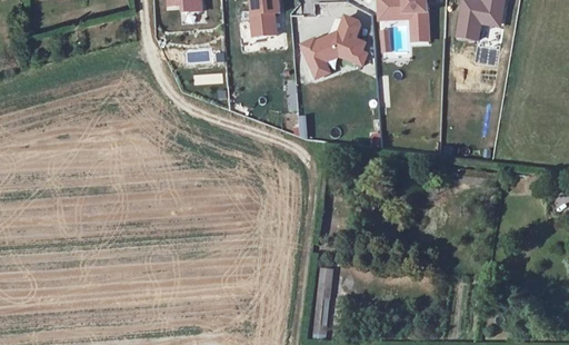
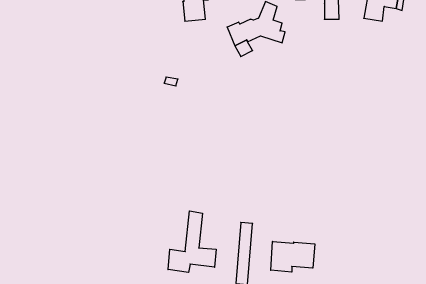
building: none -> [168,211,216,272]
building: none -> [271,241,315,272]

